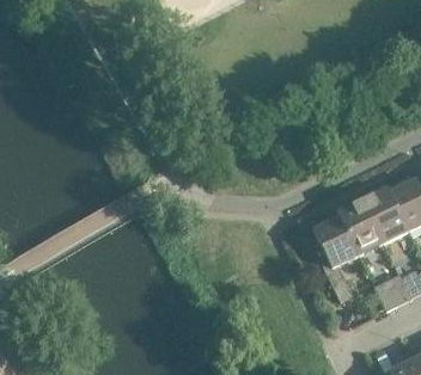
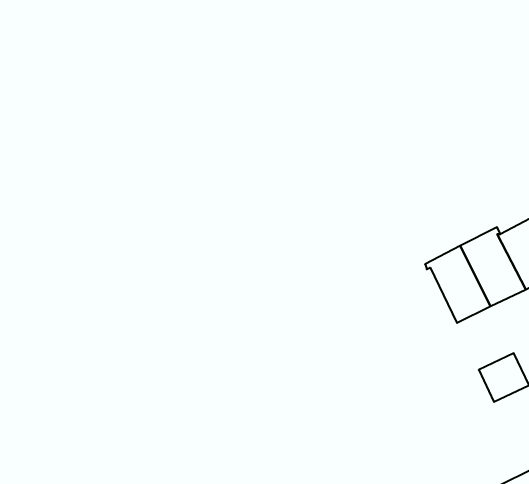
building: [312,215,359,301] -> none

